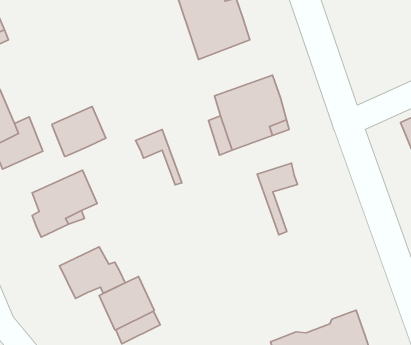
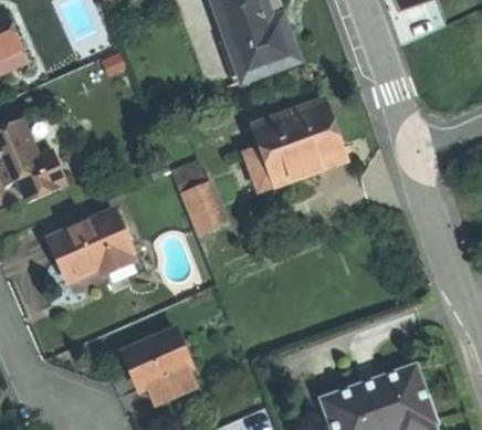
building: [52,107,106,157] -> none
building: none -> [178,185,213,232]
building: [257,163,297,235] -> none
building: [60,247,125,298] -> none

